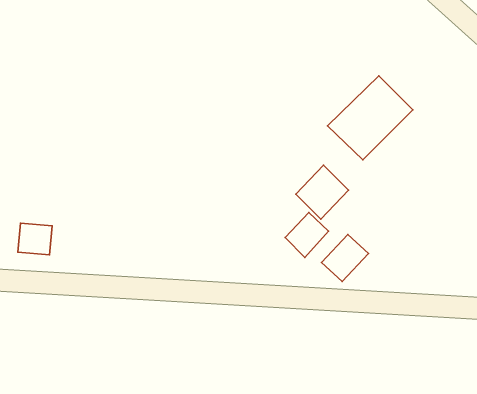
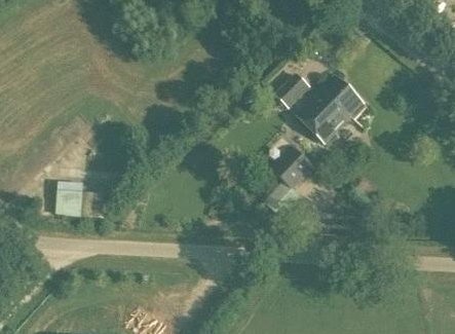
building: none -> [273,75,310,111]
building: [322,235,368,281] -> none

